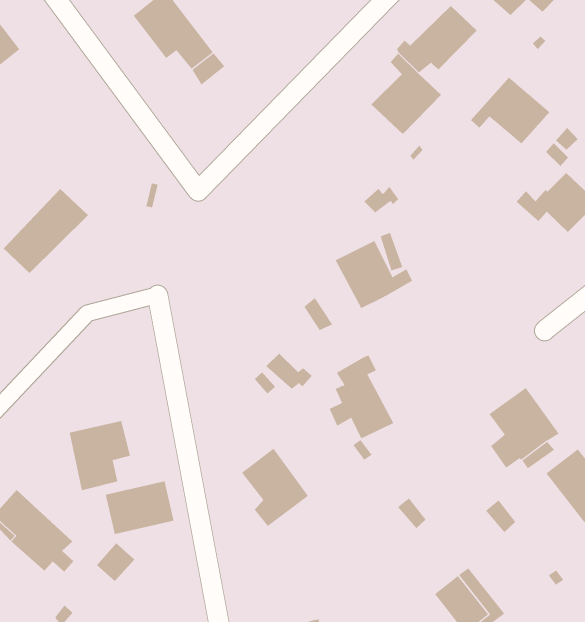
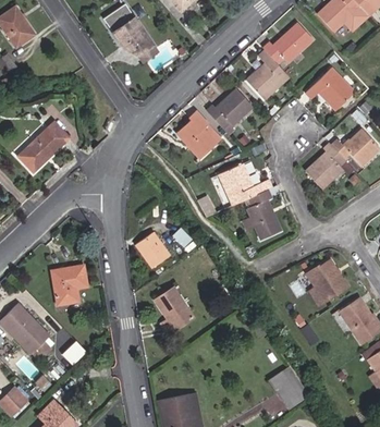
building: none -> [206,87,253,135]
building: none -> [175,111,221,159]
building: none -> [305,143,352,188]
building: [329,355,394,439] -> [242,188,281,240]
building: none -> [134,232,170,269]
building: [105,481,174,535] -> none

